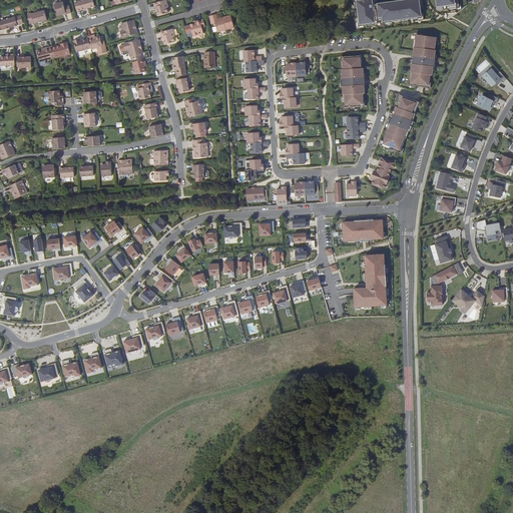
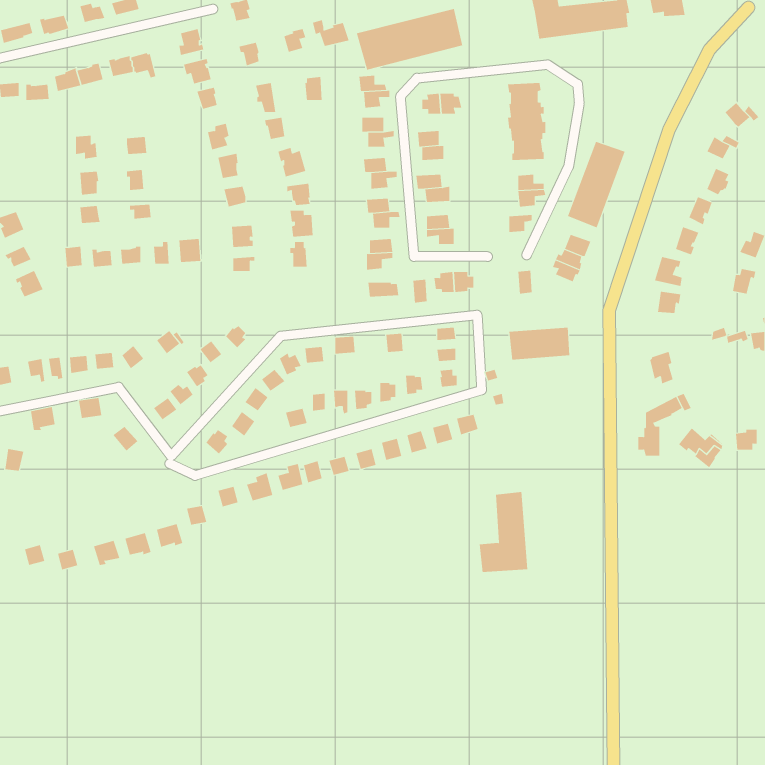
building: none -> [356,8,463,70]
building: [409,34,432,86] -> none
building: [353,252,386,307] -> [479,492,528,573]

